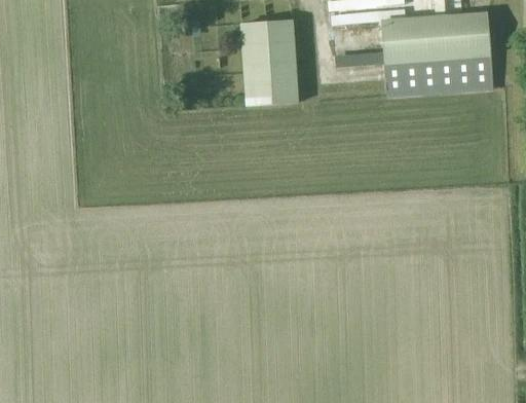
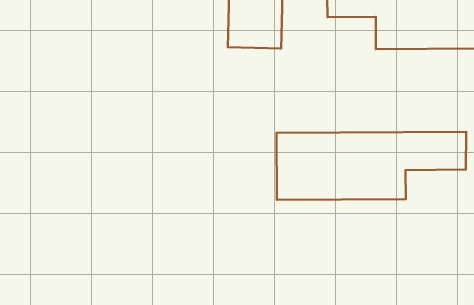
building: none -> [277,132,466,200]

